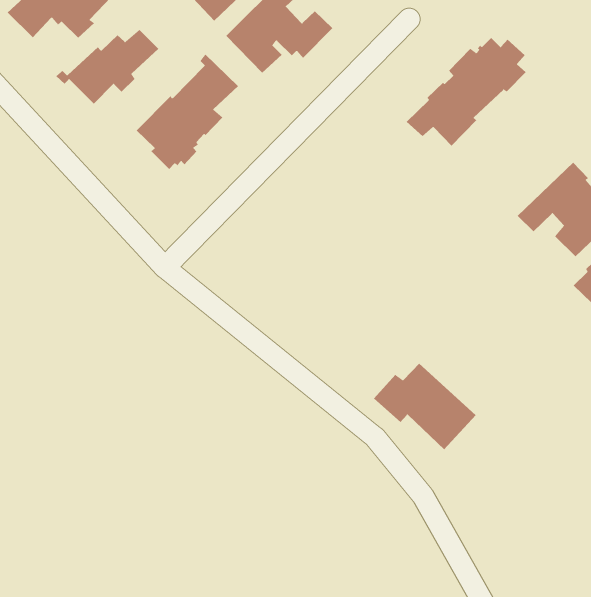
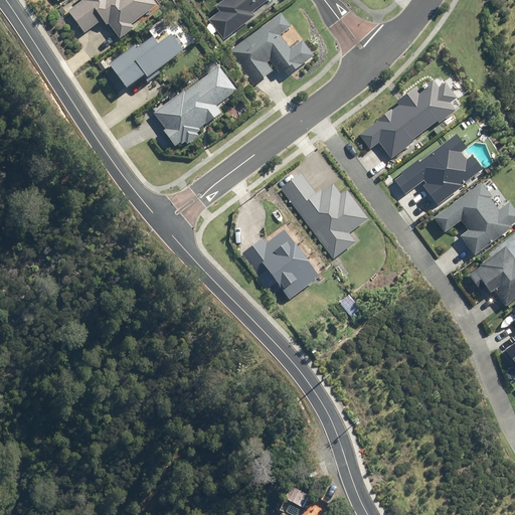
building: none -> [394,133,482,203]
building: none -> [281,171,368,256]
building: [373,363,477,450] -> [241,230,318,299]

